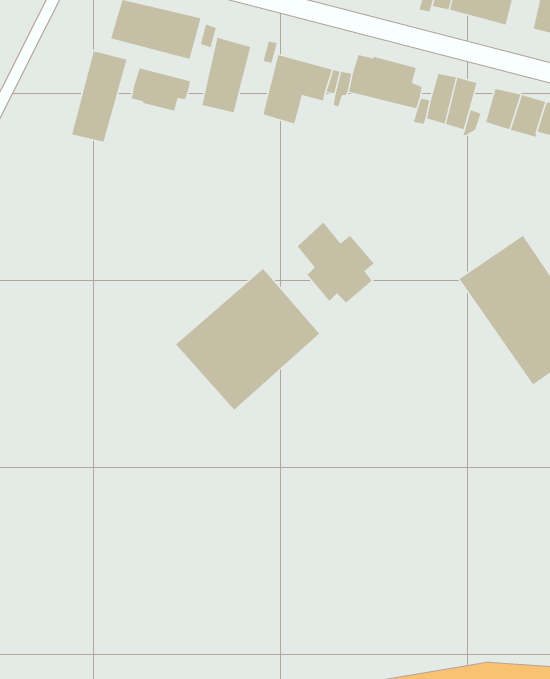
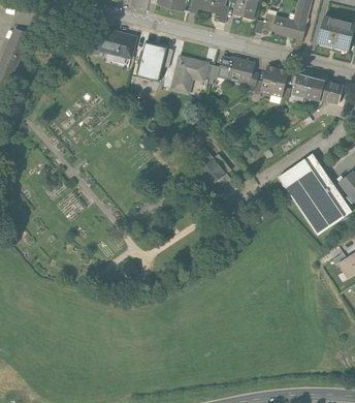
building: [71,51,127,143] -> none
building: [131,67,191,111] -> none
building: [175,268,320,411] -> none

